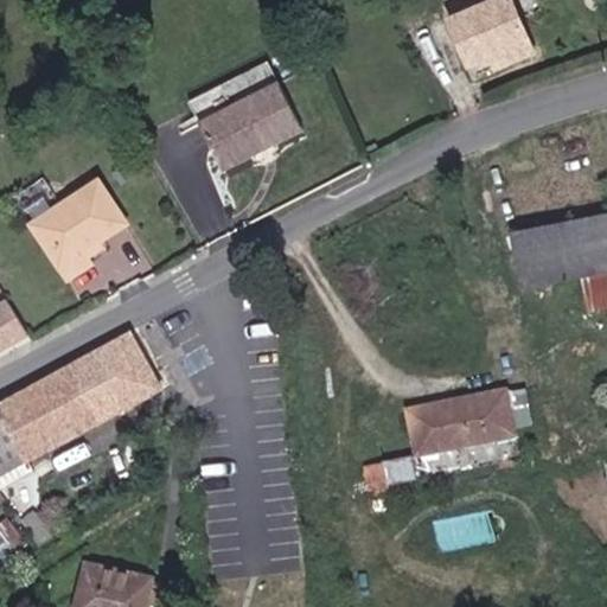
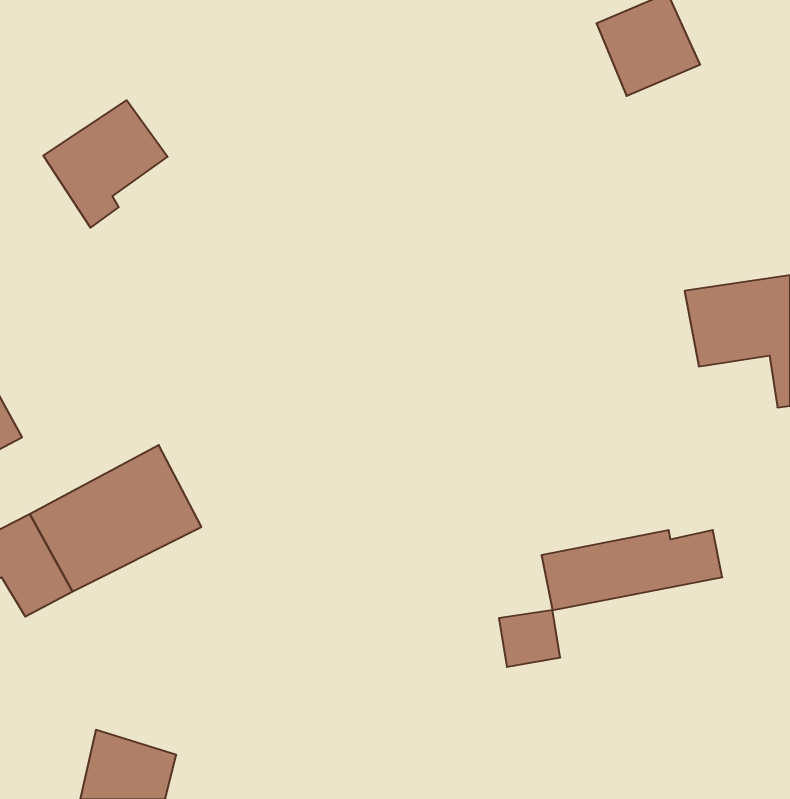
building: [190,60,305,172] -> none
building: [32,184,126,280] -> [43,100,168,228]

